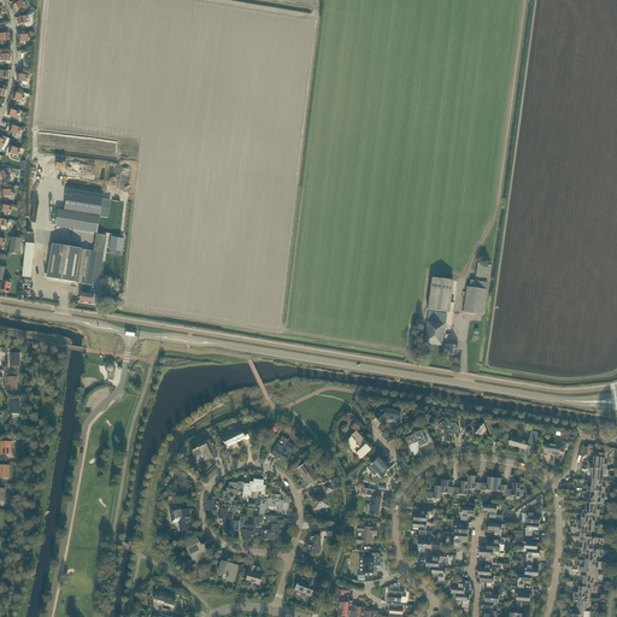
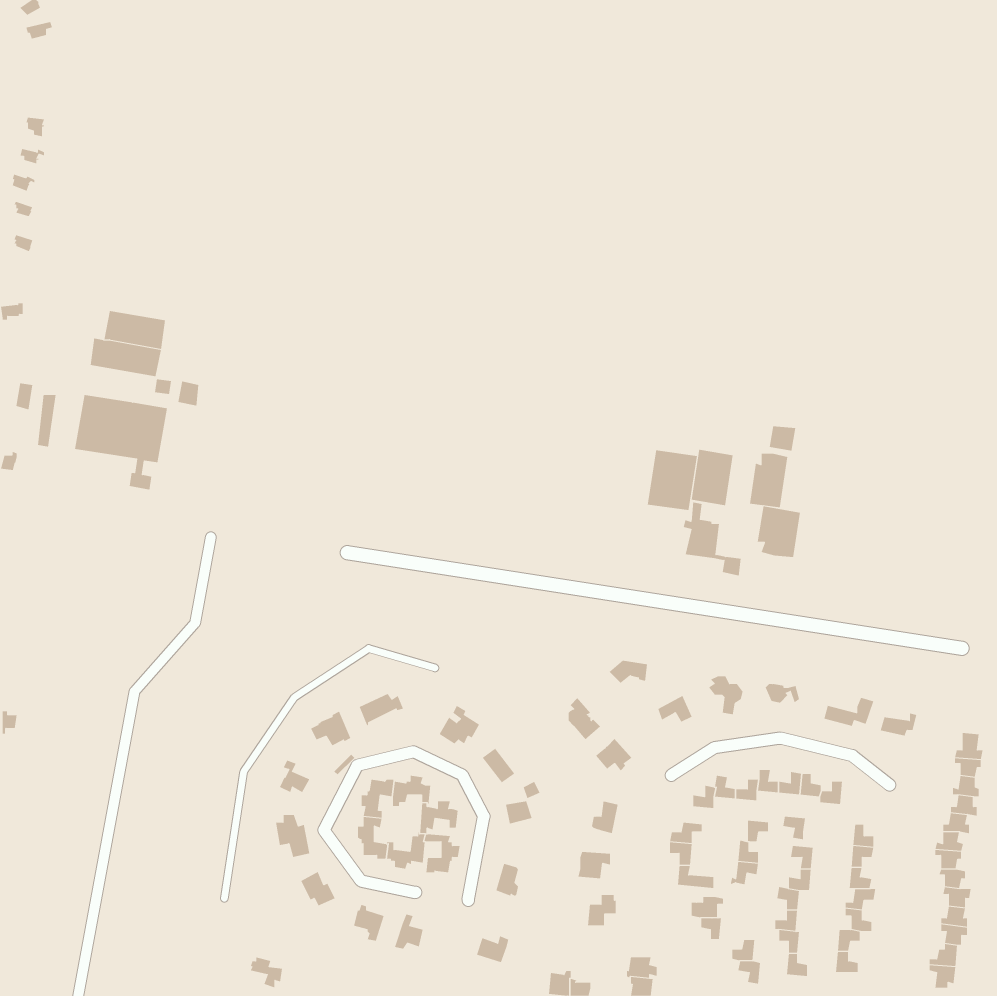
building: none -> [647,450,698,511]
building: none -> [757,506,801,558]

